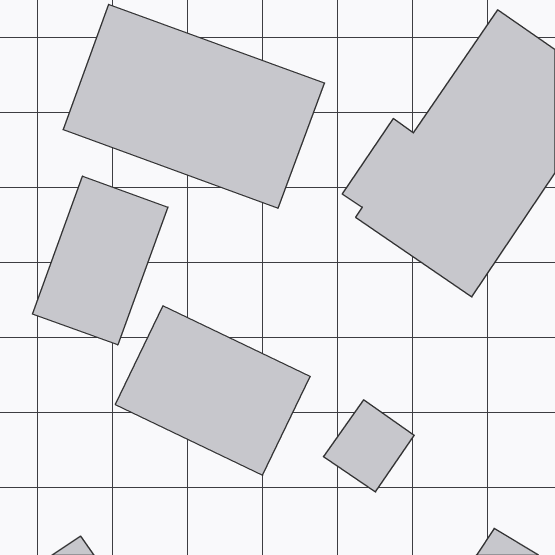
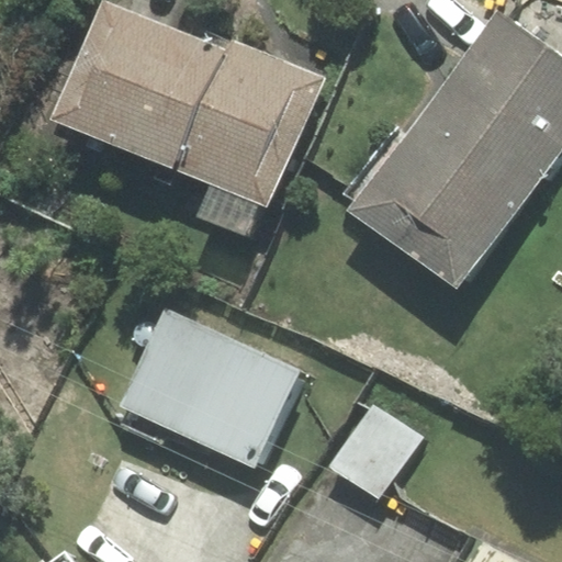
building: [32,176,168,345] -> none

